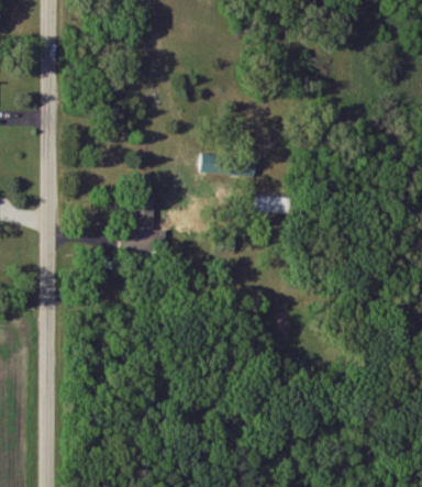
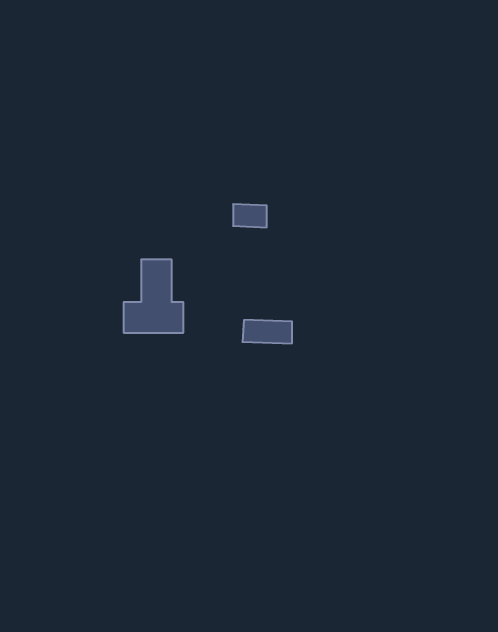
building: [252,196,289,213] -> [242,320,292,343]

